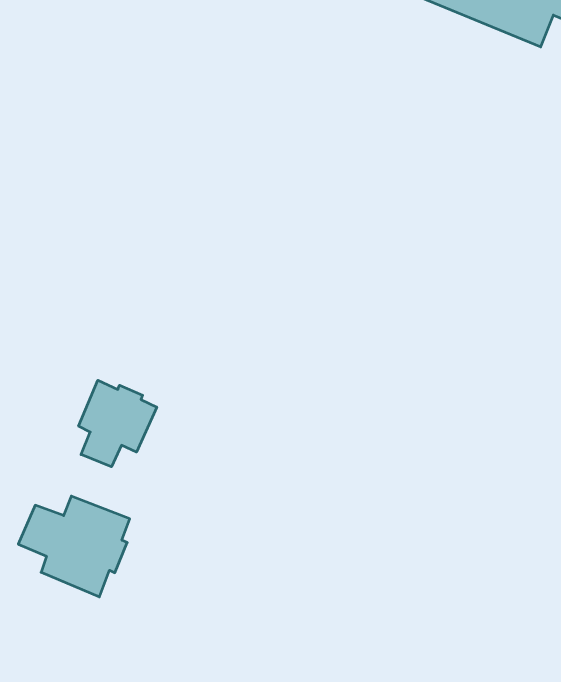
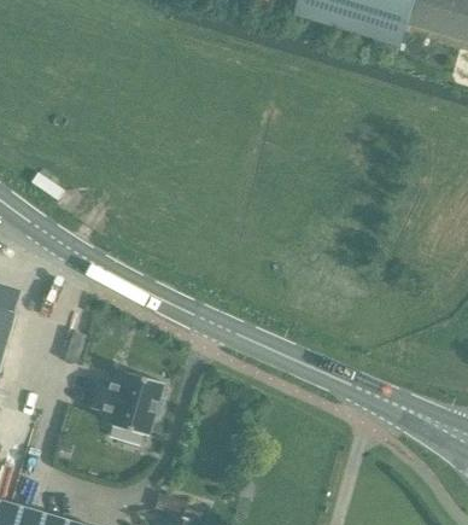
building: [79,380,157,467] -> none

